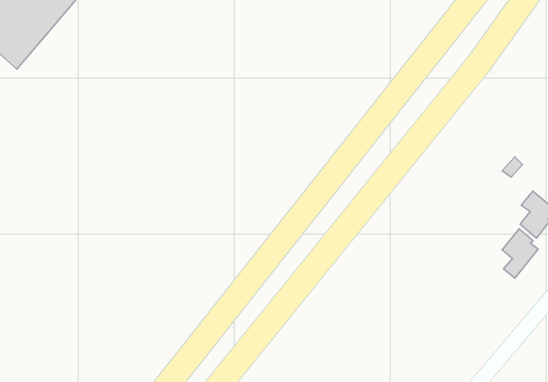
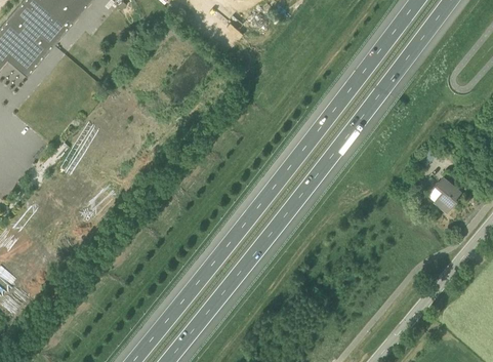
building: [502,229,538,278] -> none

